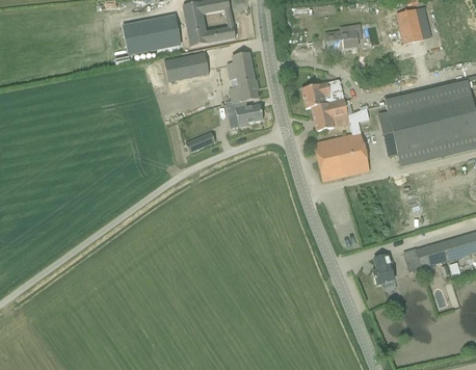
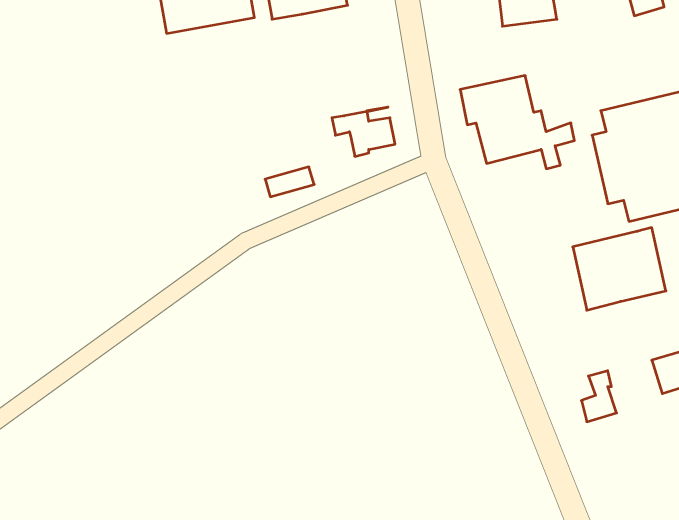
building: [227,51,259,103] -> none
building: [164,52,209,81] -> none
building: [314,132,369,181] -> [573,228,666,310]

